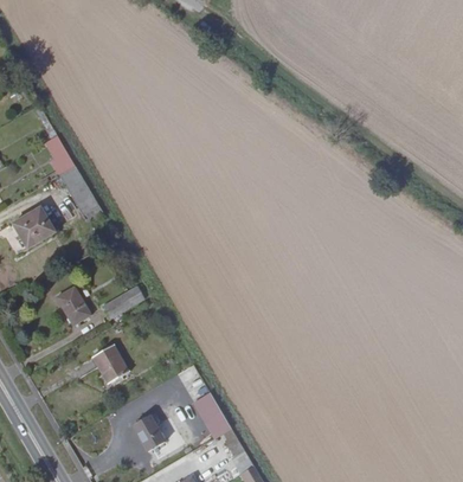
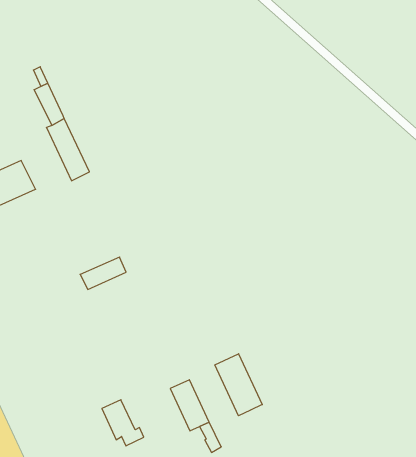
building: [56,285,91,324] -> none
building: [91,343,128,383] -> none
building: none -> [215,354,262,416]

